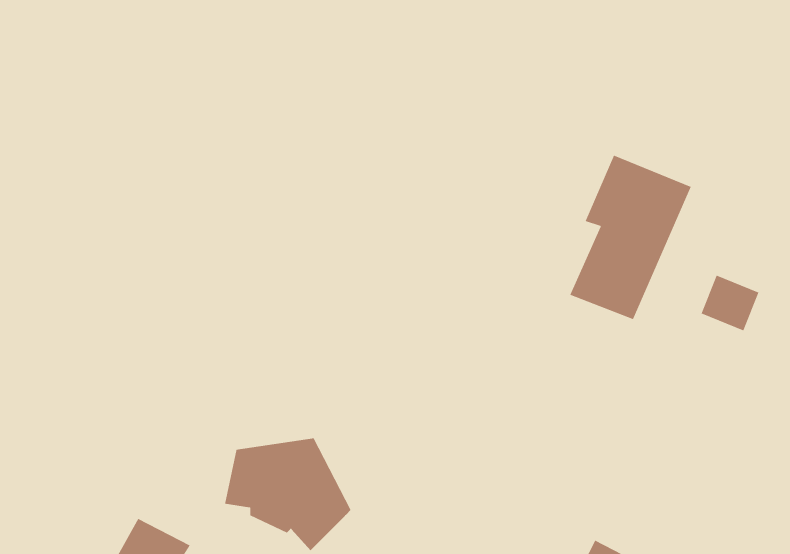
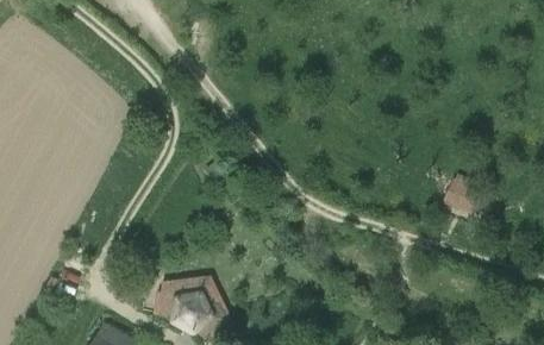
building: [569,154,692,320] -> none

